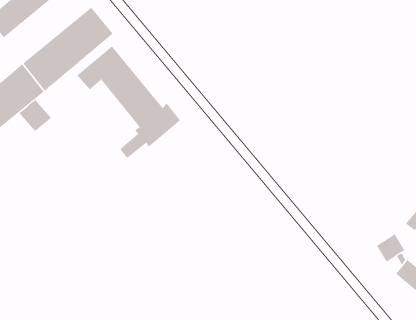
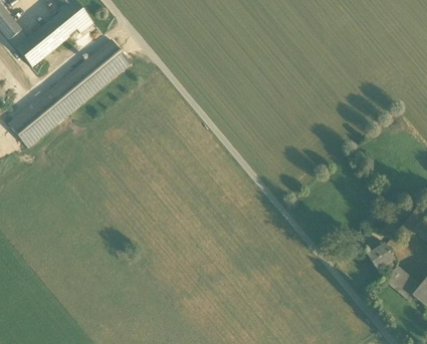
building: [76,46,181,159] -> none
building: [19,99,52,132] -> none

